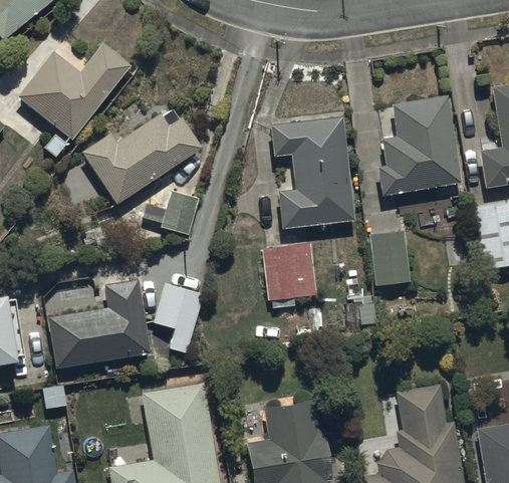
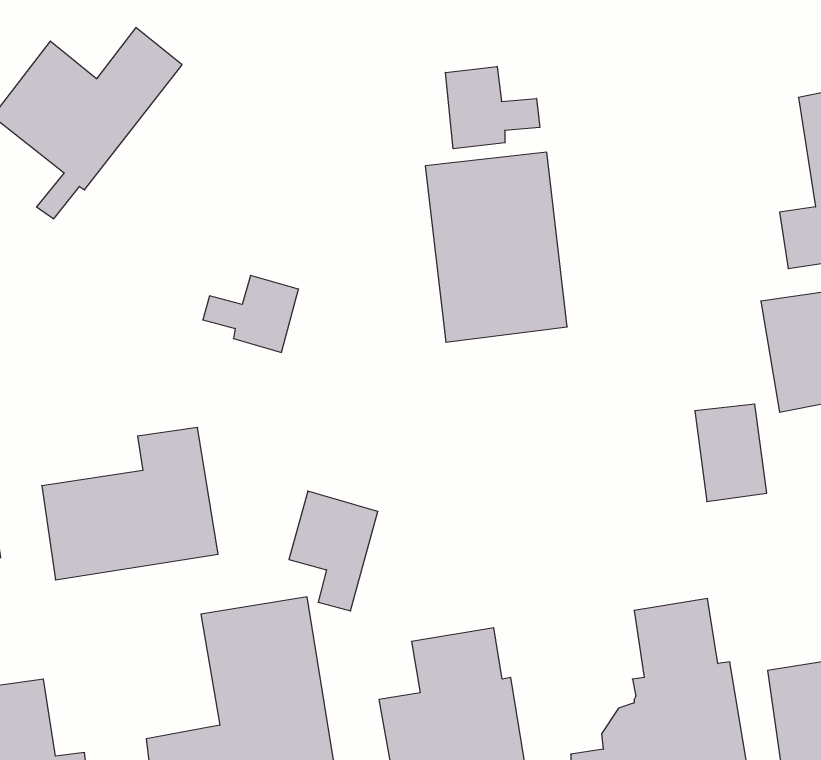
building: none -> [445,66,540,149]
building: [377,97,459,196] -> none
building: [80,105,202,207] -> none
building: [368,230,411,287] -> [695,404,767,502]
building: [262,243,318,301] -> none
building: [151,283,203,353] -> [289,491,378,611]

